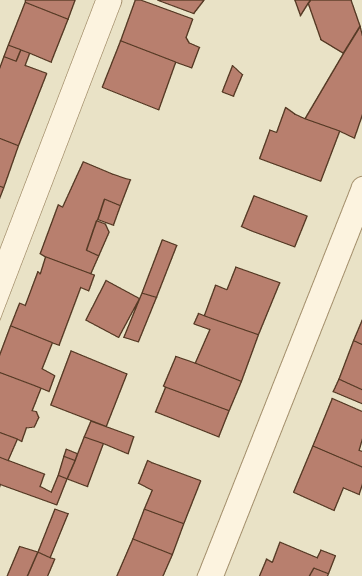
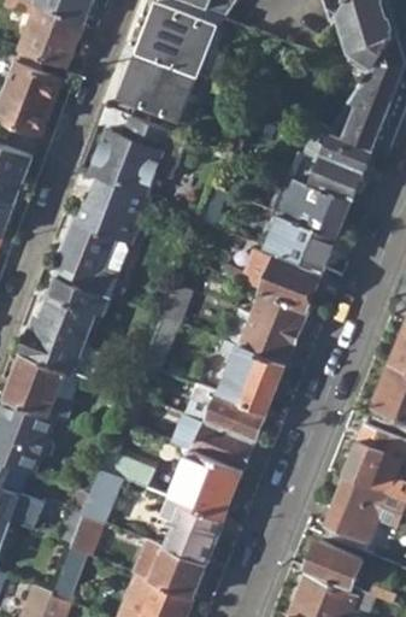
building: none -> [89,113,186,193]
building: none -> [269,166,352,233]
building: none -> [224,246,324,304]
building: [86,280,140,337] -> none
building: [51,351,127,427] -> none
building: none -> [172,447,243,515]
building: none -> [306,541,361,587]

